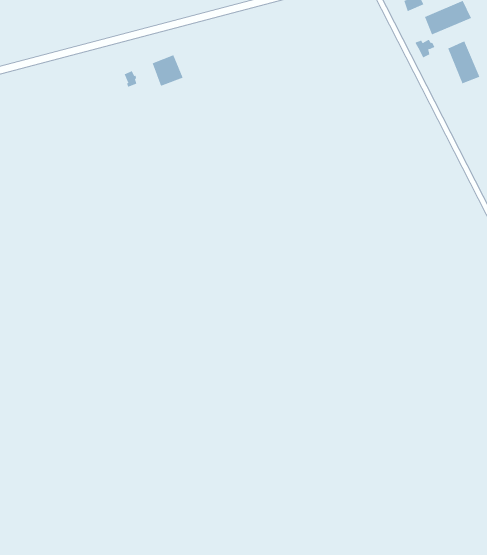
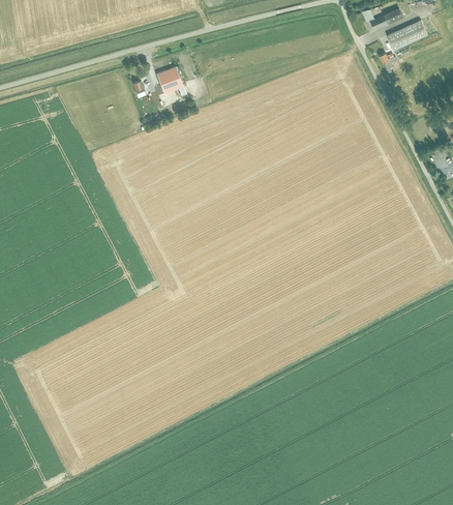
building: [447,41,480,84] -> none

